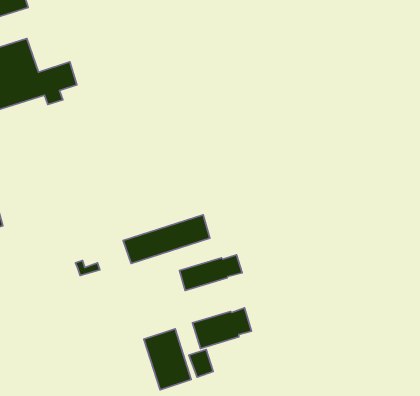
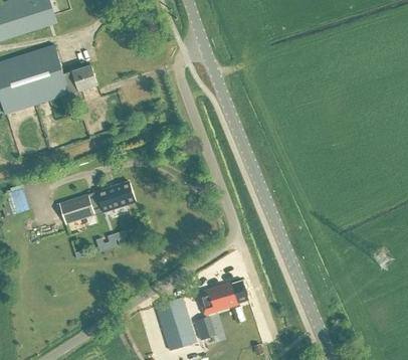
building: [123,215,210,263] -> [58,182,134,224]
building: [180,255,242,291] -> none

